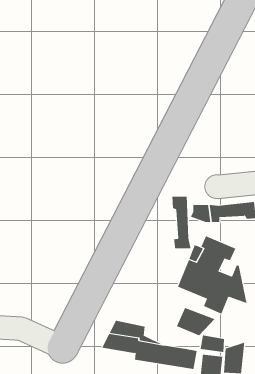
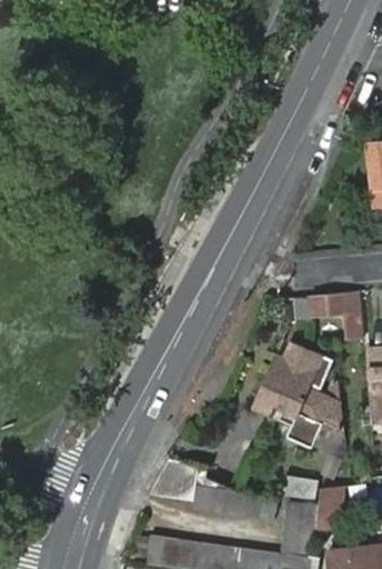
building: [172,196,191,249] -> none
building: [176,307,215,336] -> none

